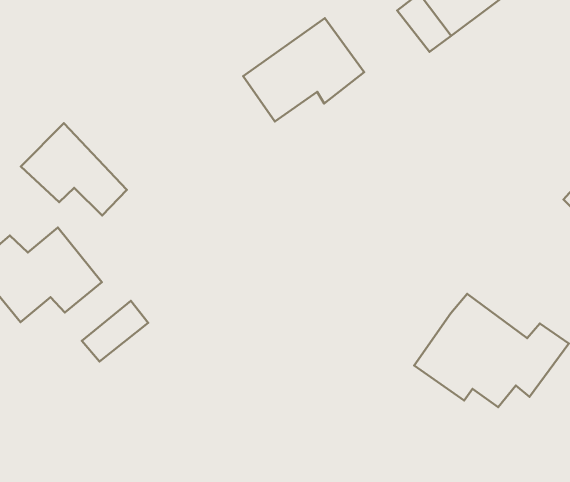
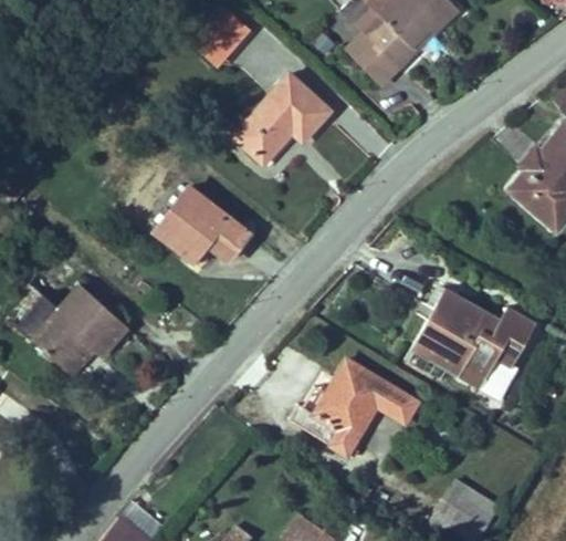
building: [21,123,127,216] -> [156,189,250,263]
building: [82,301,148,361] -> none
building: none -> [285,357,413,455]

